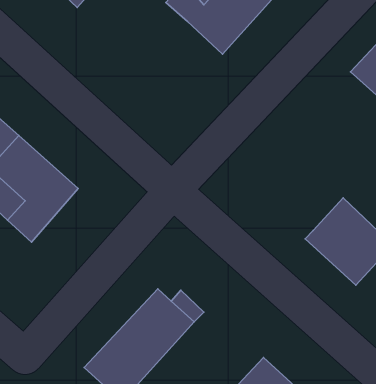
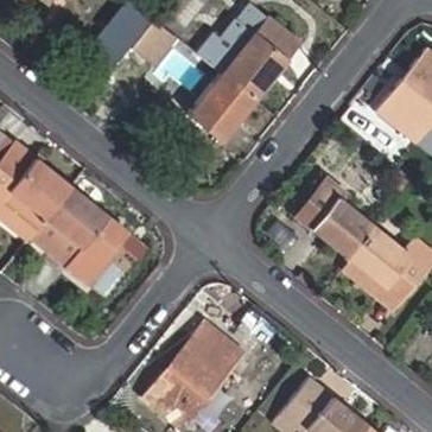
building: none -> [188,72,255,142]
building: none -> [296,184,375,260]

